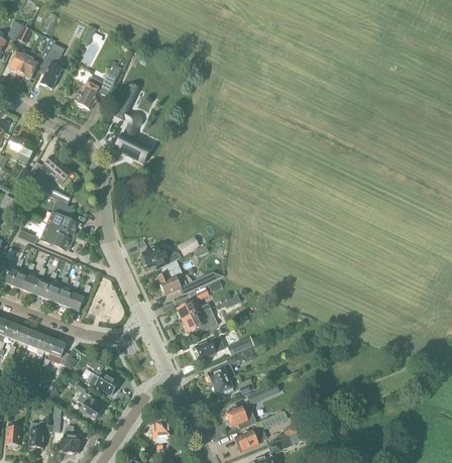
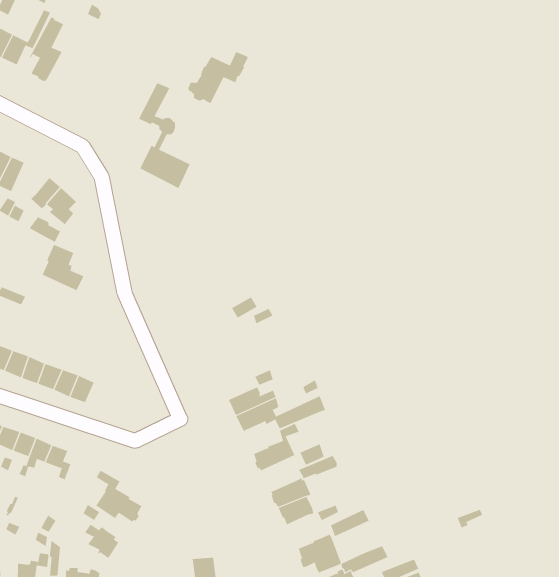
building: [74,73,116,109] -> [187,52,249,104]
building: [39,222,73,250] -> none
building: [141,245,180,270] -> none
building: [158,269,223,294] -> none

